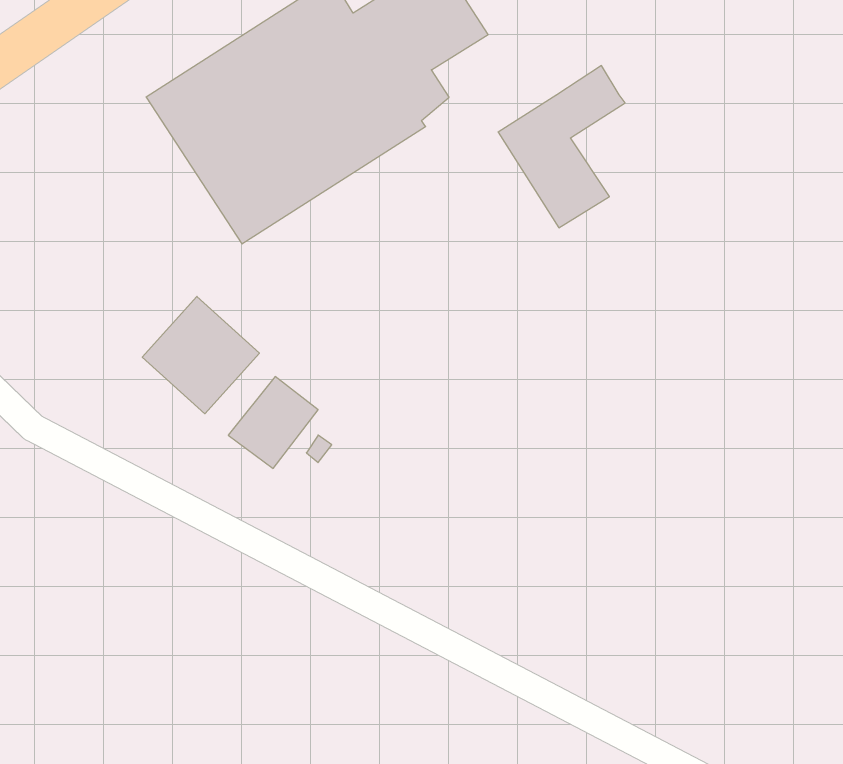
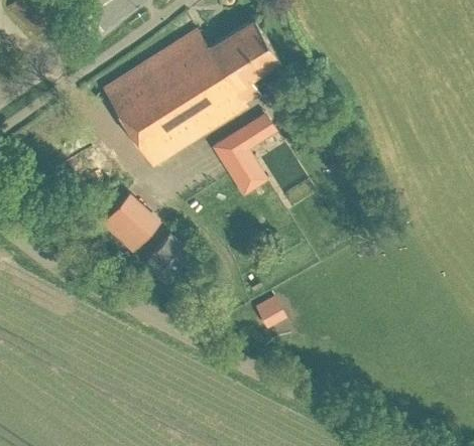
building: [498,66,625,228] -> [210,113,275,196]
building: none -> [255,295,288,329]

